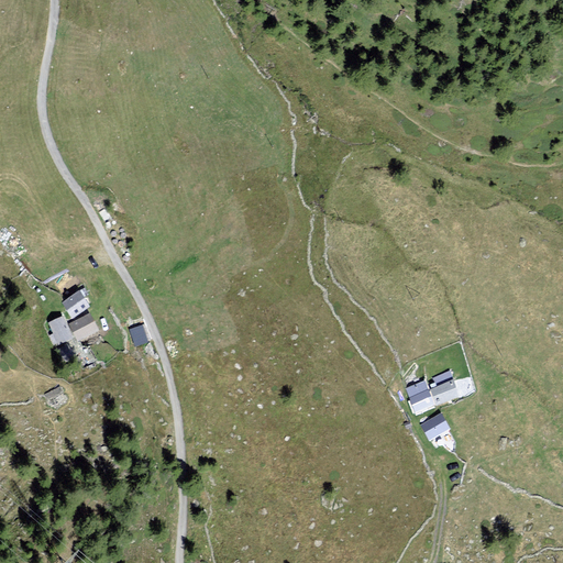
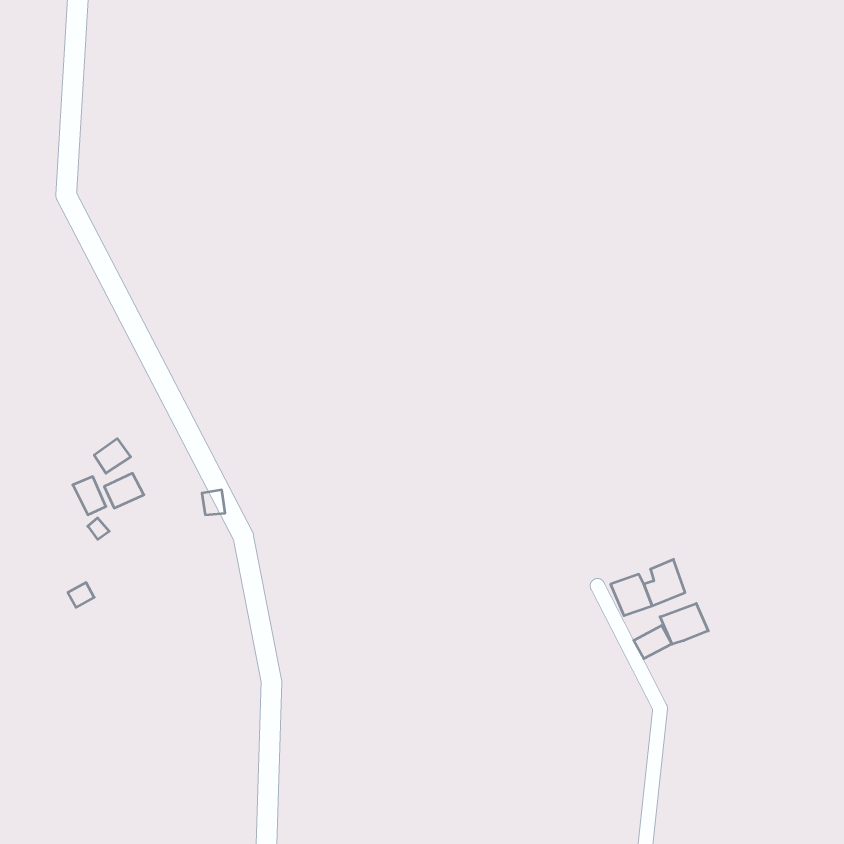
building: none -> [660,603,708,644]

